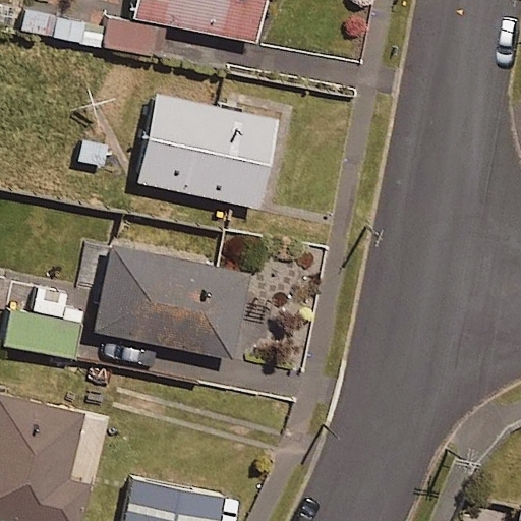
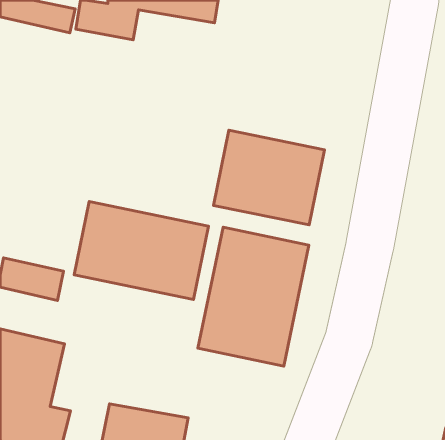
building: [137,84,277,208] -> none
building: none -> [213,130,325,225]
building: none -> [198,227,309,366]

